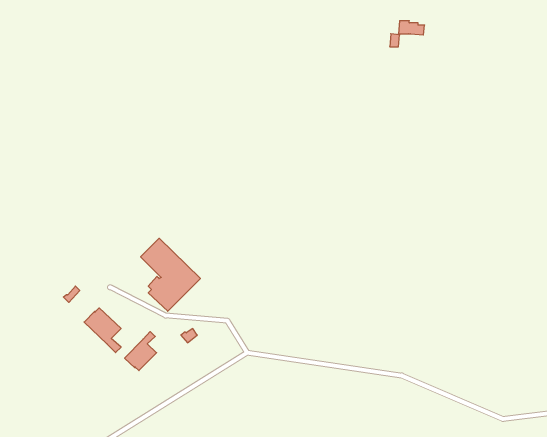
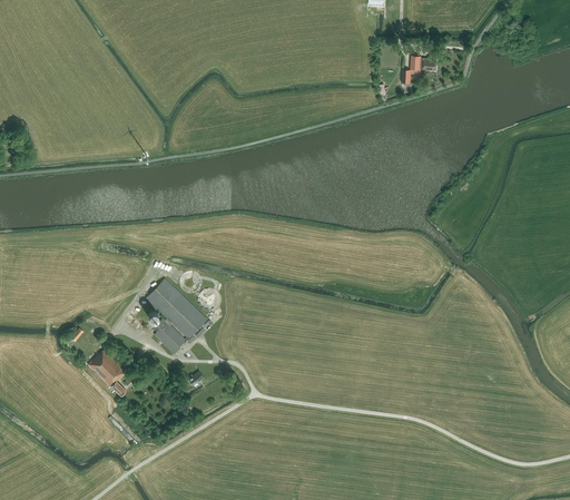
building: [125,332,157,371] -> none

